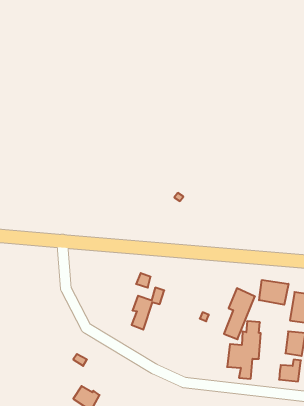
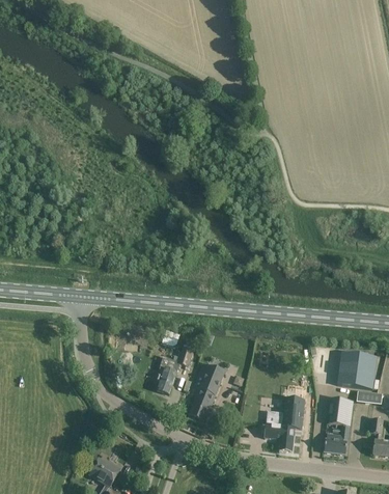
building: [259,280,288,305] -> none
building: [224,288,255,339] -> [190,362,225,420]

